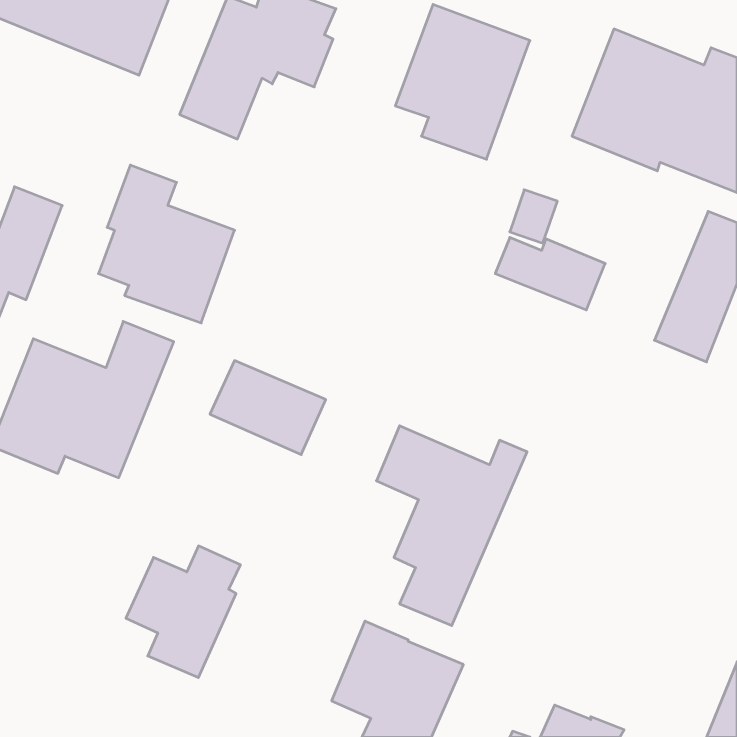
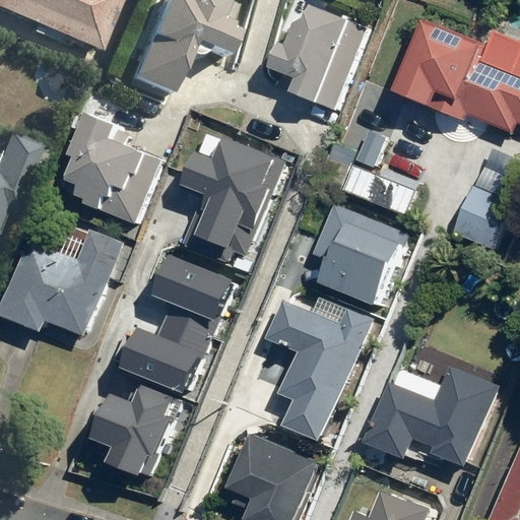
building: none -> [177,134,283,260]
building: none -> [311,203,400,302]
building: none -> [117,305,208,393]
building: none -> [370,368,504,469]

